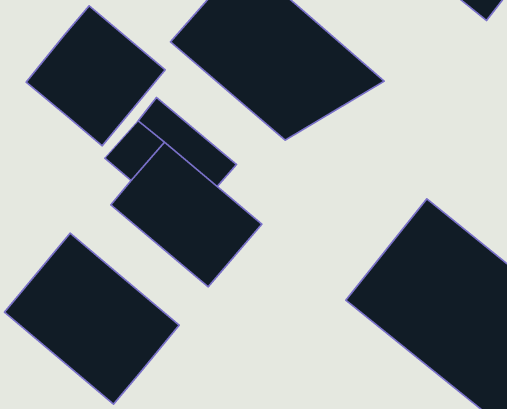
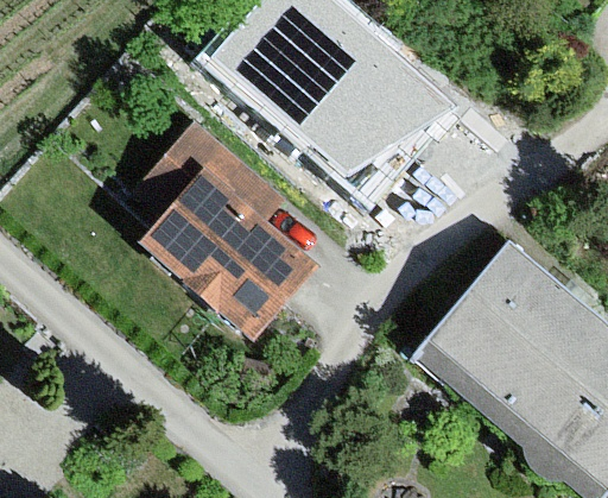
building: [26,6,165,146] -> none
building: [5,233,179,404] -> none

